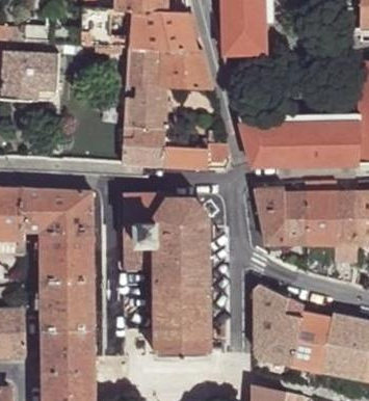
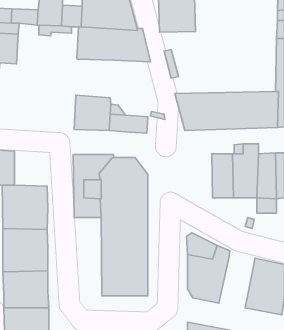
building: [126,83,169,128] -> none
building: [255,186,284,243] -> none
building: [55,189,93,230] -> none
building: [291,313,332,370] -> none

